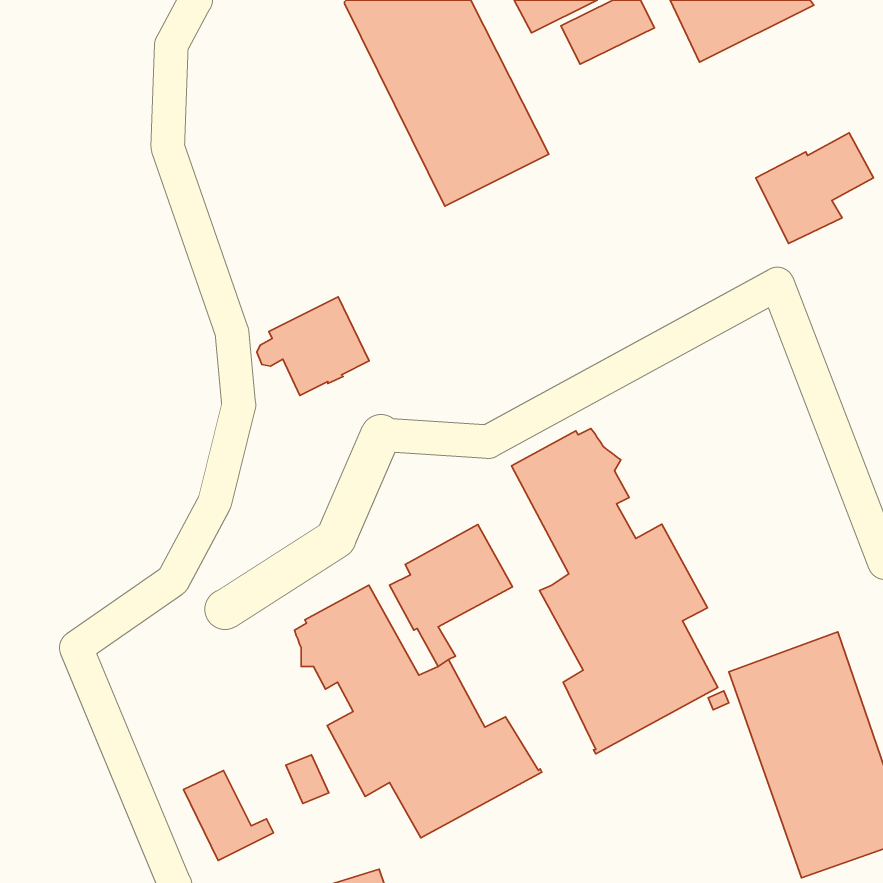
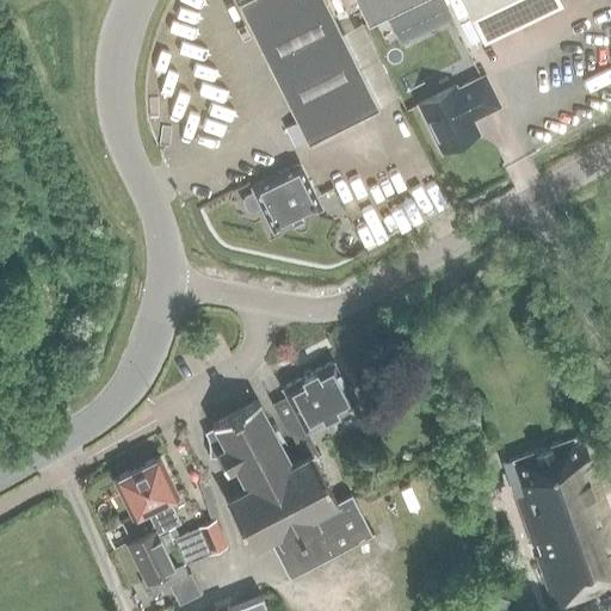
building: [756,133,873,244] -> [420,75,501,152]
building: [257,297,369,396] -> [245,165,322,233]
building: [512,428,718,754] -> none
building: none -> [116,459,180,535]
building: none -> [174,529,210,567]

